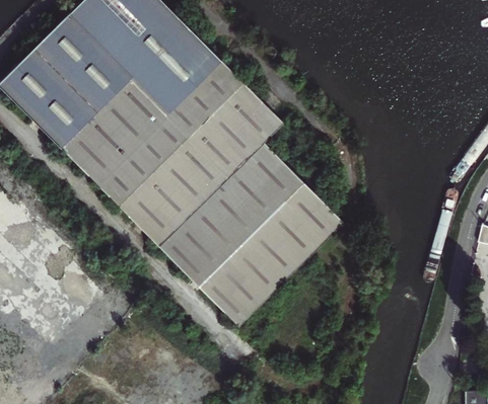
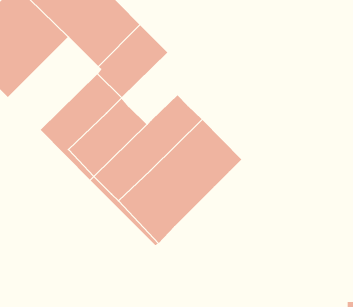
building: [61,75,172,186] -> none
building: [198,93,284,179] -> none

